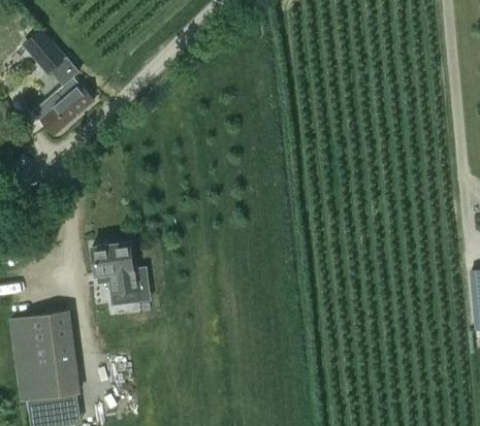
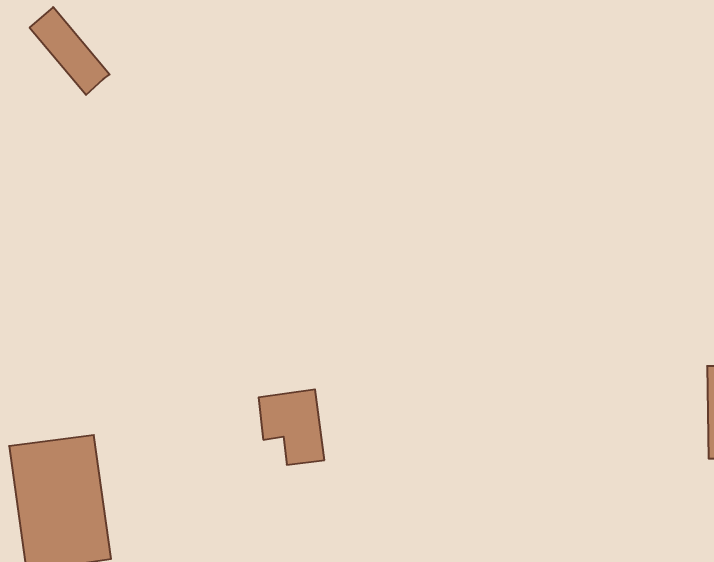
building: [41,79,95,136] -> none
building: [94,245,137,295] -> [259,389,324,465]

